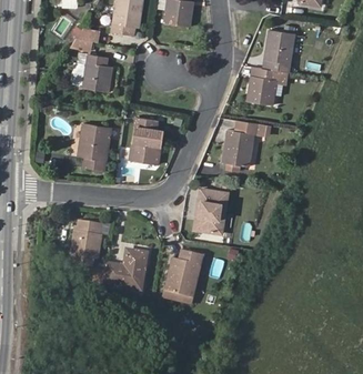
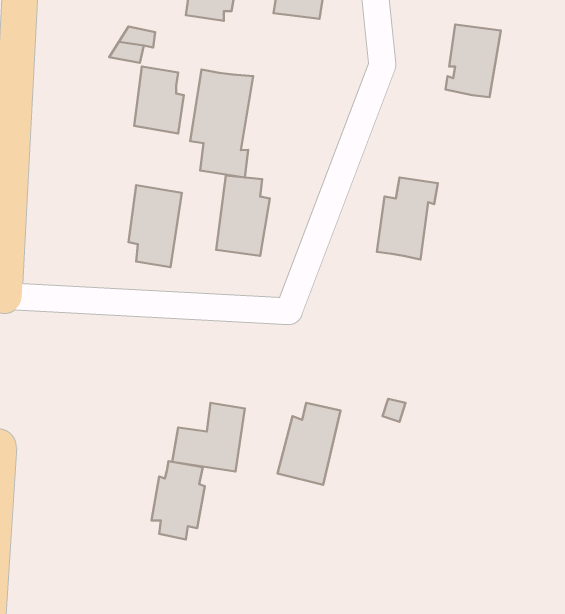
building: none -> [190,70,253,177]
building: [248,67,289,105] -> none
building: [195,190,226,233] -> none
building: [70,221,101,266] -> [151,461,205,540]

